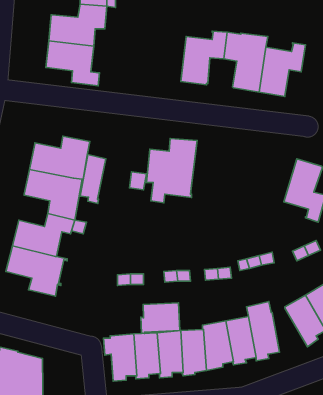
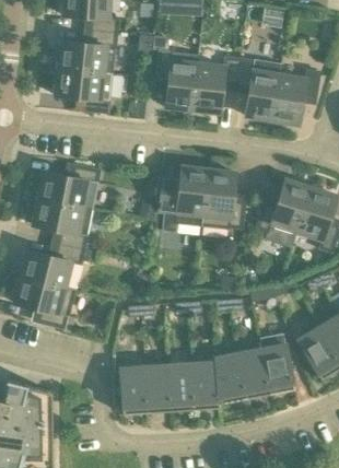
building: none -> [153,31,198,108]
building: none -> [202,168,245,229]
building: none -> [256,178,311,231]
building: [80,155,106,204] -> none
building: [141,303,180,333] -> none

